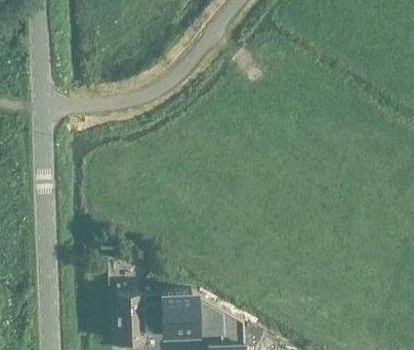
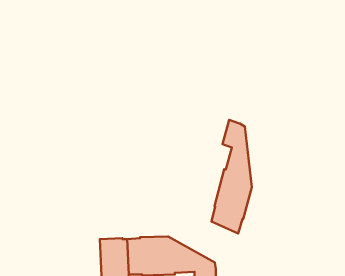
building: none -> [211,120,252,234]

